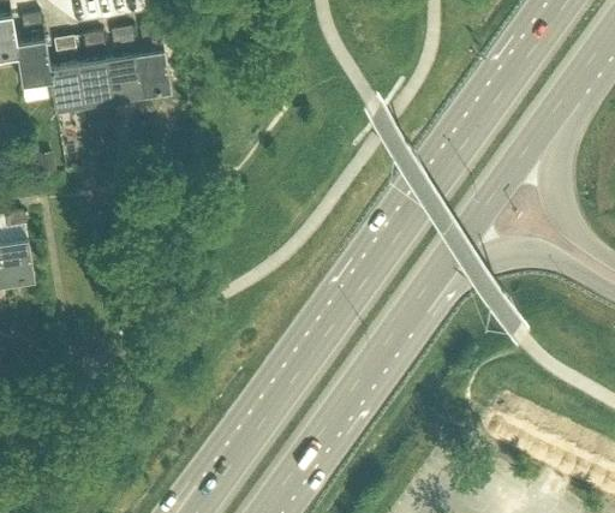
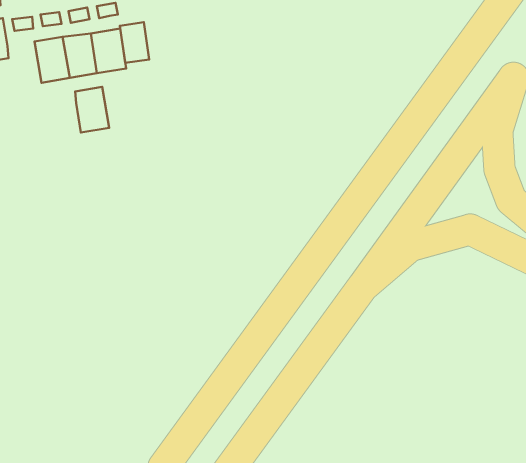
building: none -> [120,22,149,63]
building: [48,65,83,112] -> [75,87,109,133]

